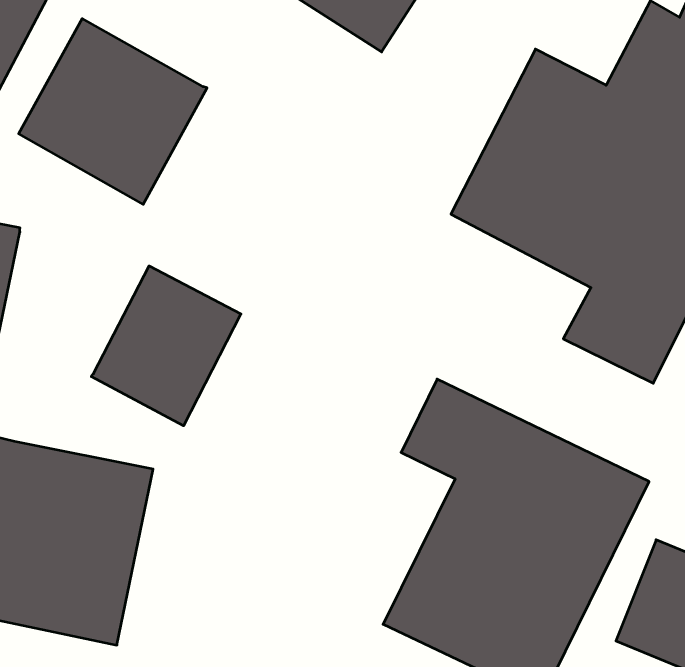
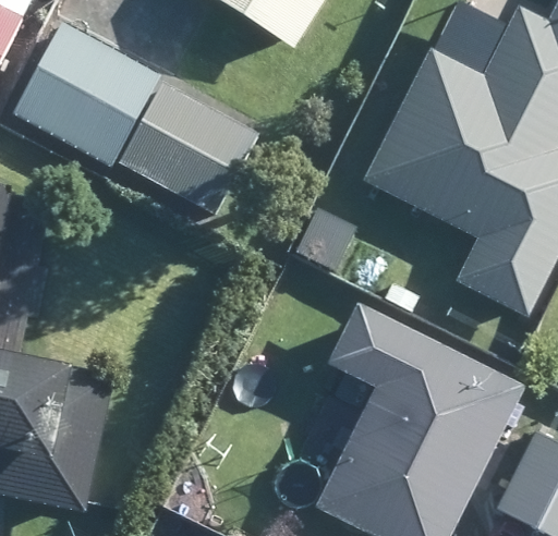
building: none -> [129,84,269,217]
building: [91,266,241,426] -> none

